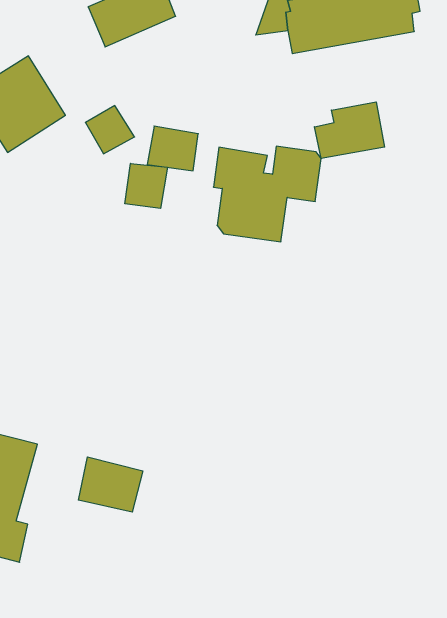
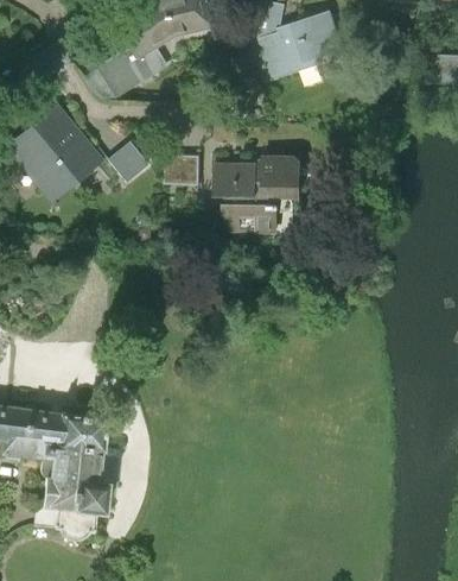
building: [314,102,385,159] -> none
building: [125,163,167,208] -> none
building: [78,457,143,512] -> none

